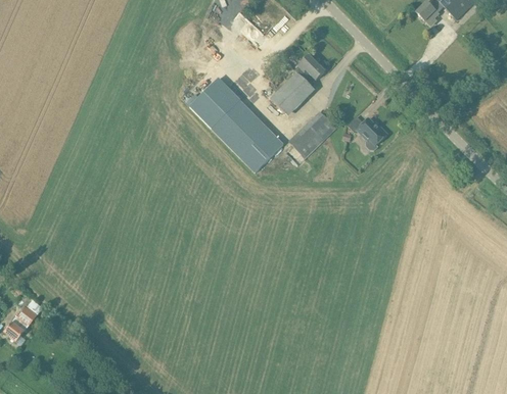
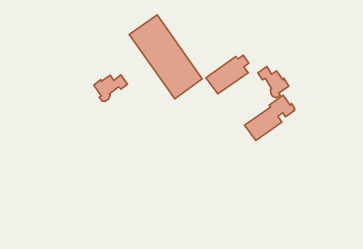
building: [270,56,325,114] -> [244,95,295,140]
building: none -> [94,75,128,101]

